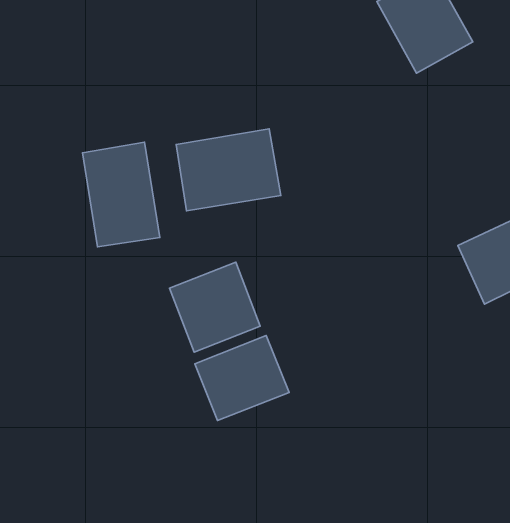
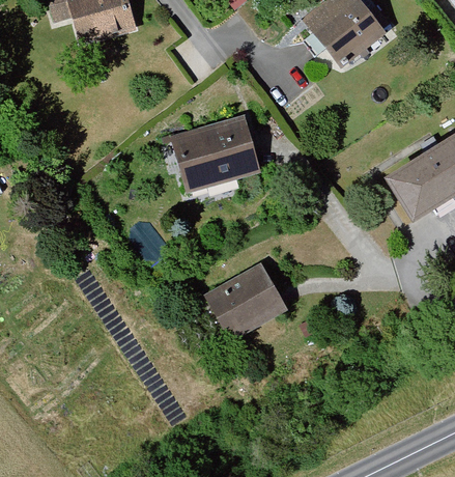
building: [83,142,160,247] -> none
building: [169,262,260,352] -> none

